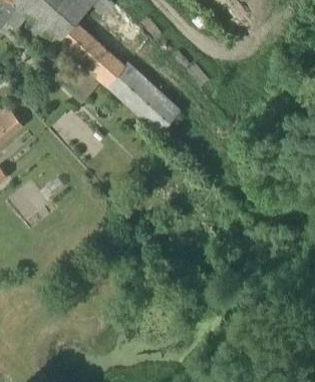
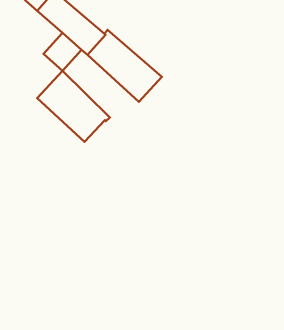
building: none -> [37,71,110,142]

